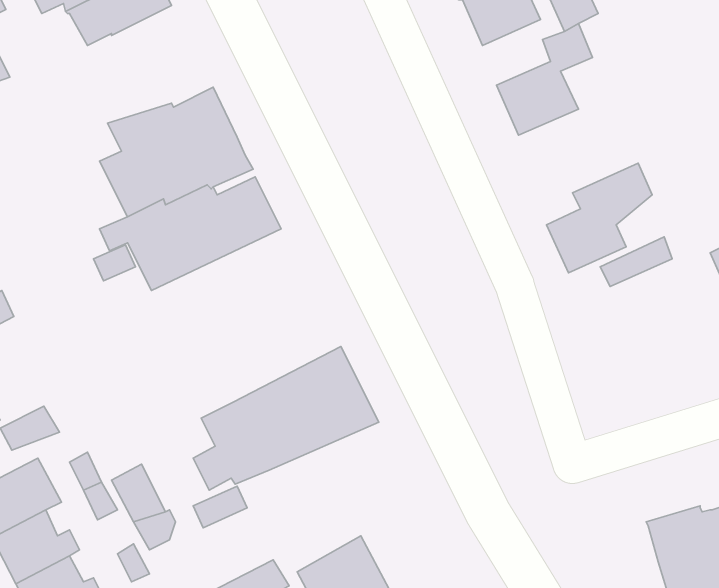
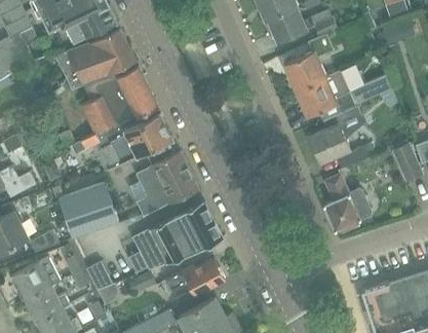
building: none -> [54,29,135,88]
building: none -> [295,71,392,120]
building: none -> [127,151,198,216]
building: none -> [322,174,369,230]
building: none -> [59,184,118,238]
building: none -> [164,258,225,296]

